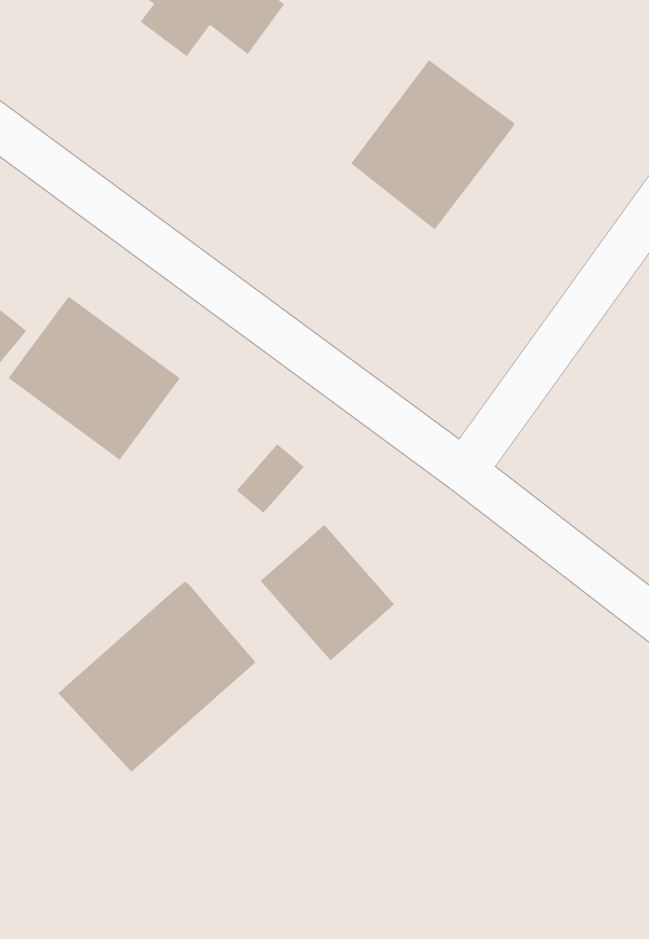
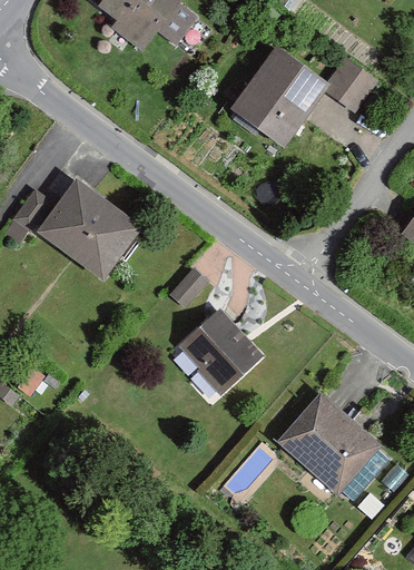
building: none -> [325,59,376,110]
building: [58,580,257,772] -> none
building: none -> [276,395,377,494]

